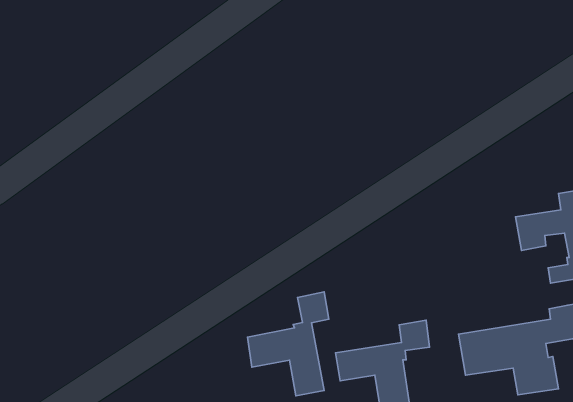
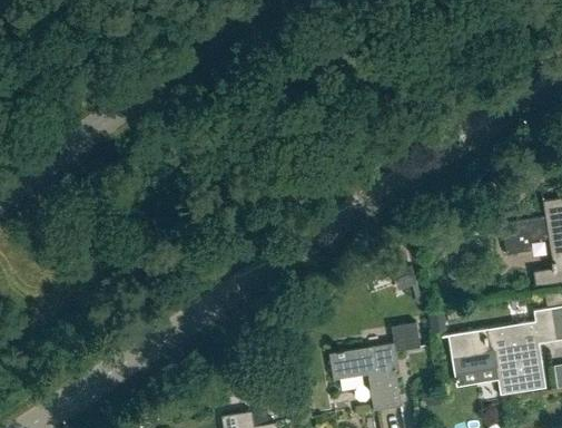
building: [247,292,329,396] -> none

